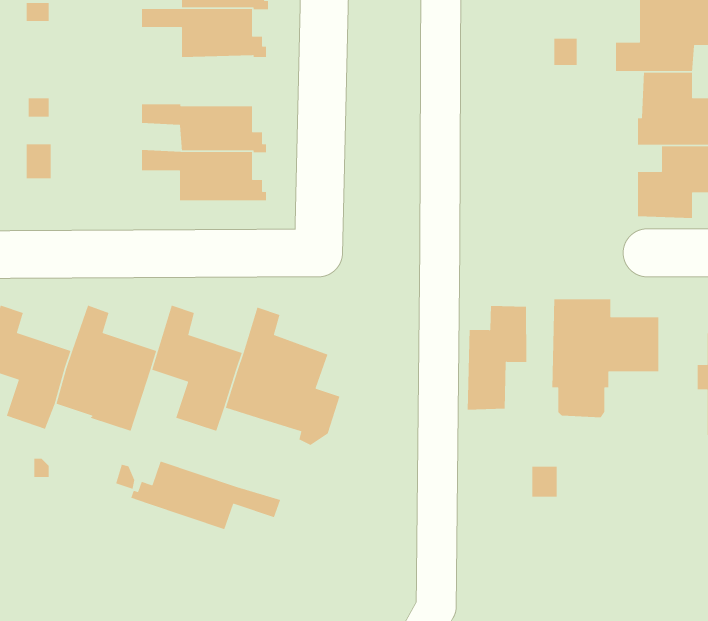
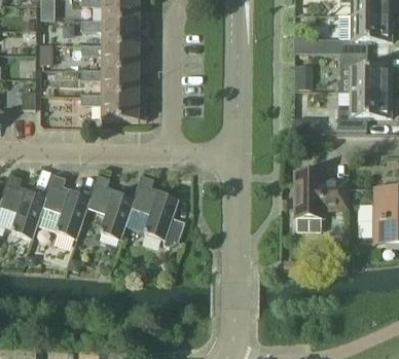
building: none -> [81,43,147,69]
building: [467,305,527,410] -> none
building: [130,461,281,530] -> none

